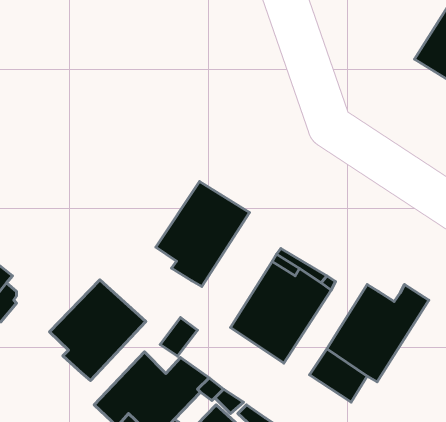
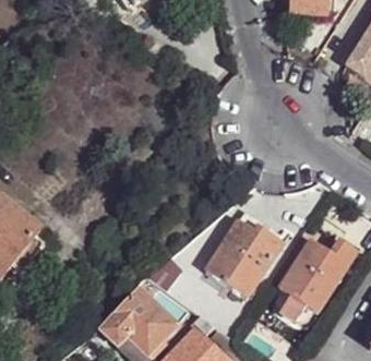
building: [156,181,250,286] -> none
building: [49,280,146,381] -> none

